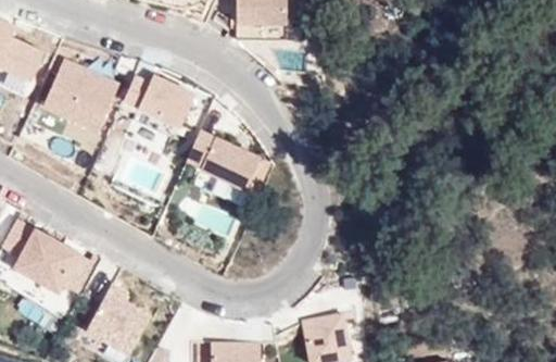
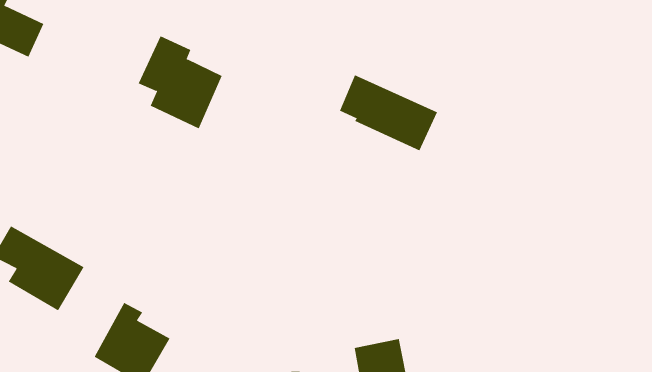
building: [42,61,119,134] -> none
building: [187,133,269,197] -> [339,74,438,151]

